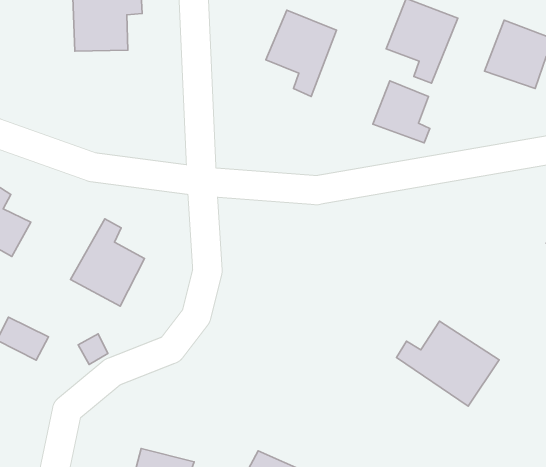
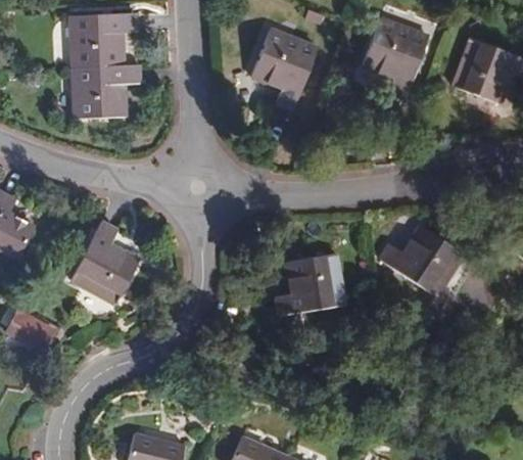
building: none -> [74,64,139,119]
building: [373,81,430,143] -> none
building: none -> [275,252,343,314]
building: [397,321,499,406] -> [380,225,475,304]

